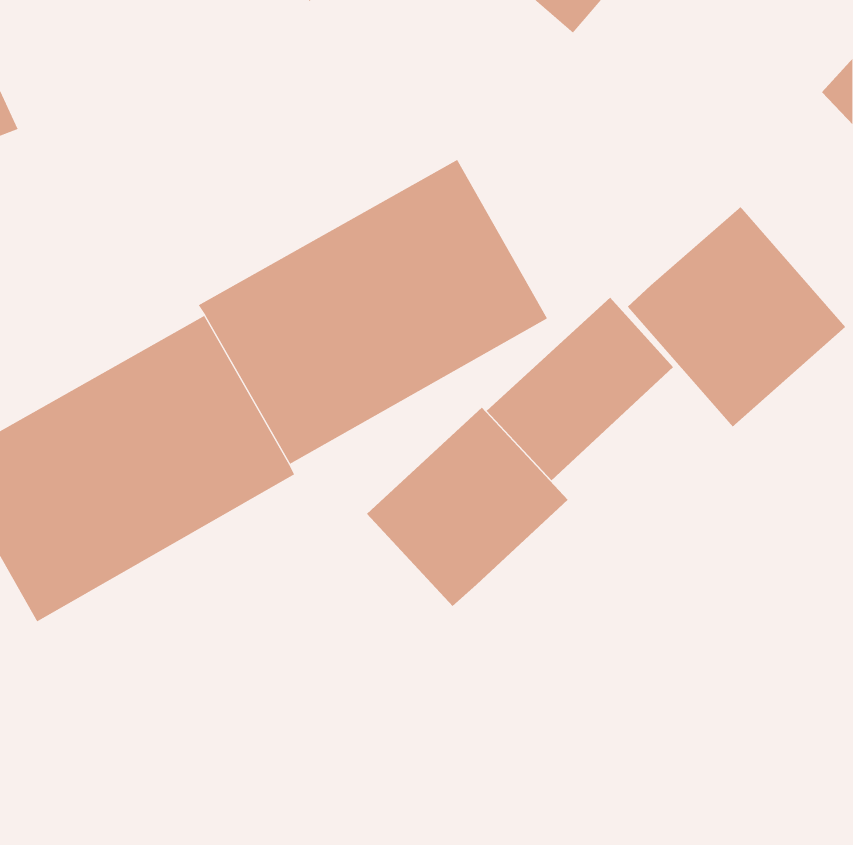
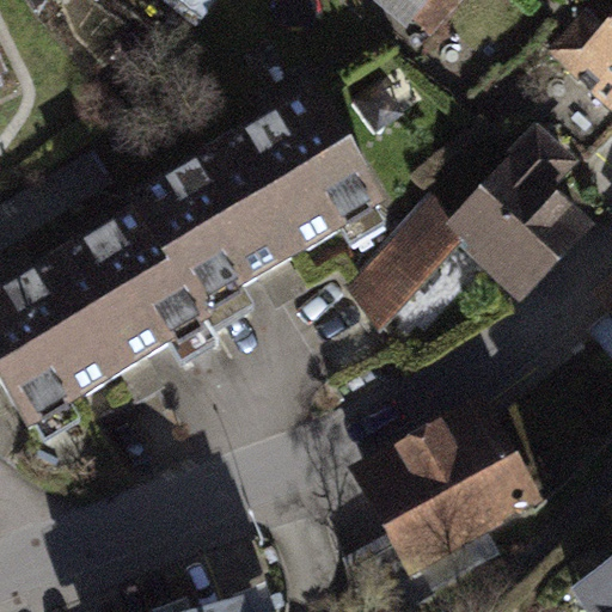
building: [366,407,568,607] -> none
building: none -> [356,392,545,570]

